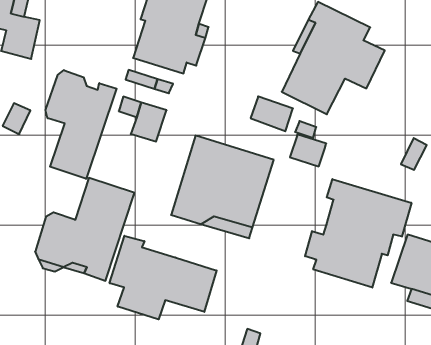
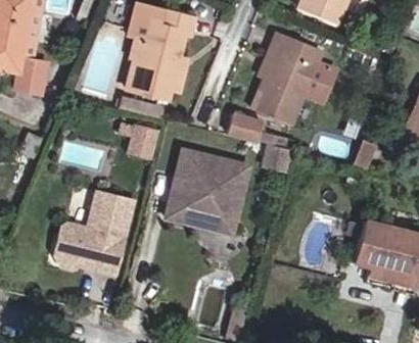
building: [45,70,117,179] -> none
building: [305,179,411,288] -> none
building: [110,236,217,319] -> none

